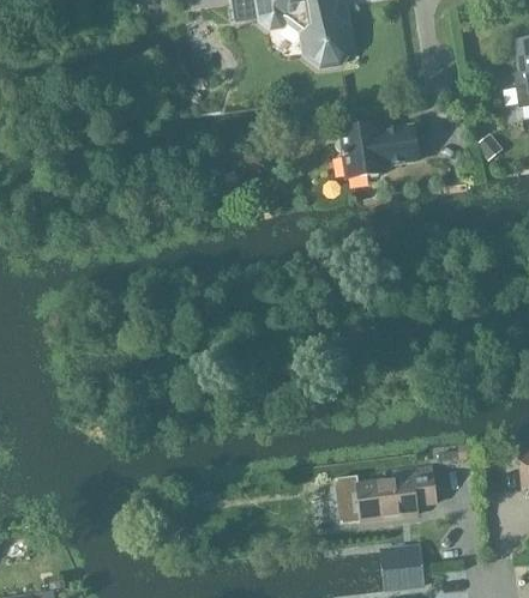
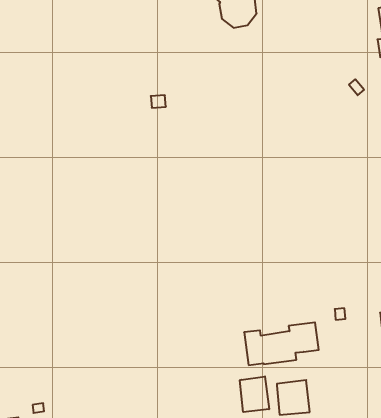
building: [335,123,417,177] -> none
building: none -> [240,376,269,412]

